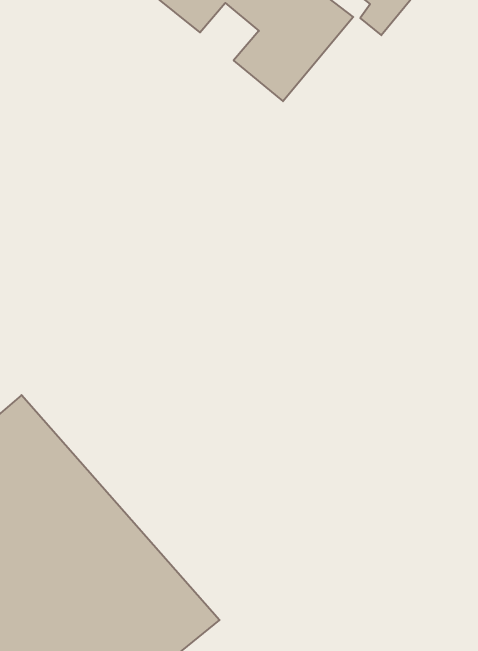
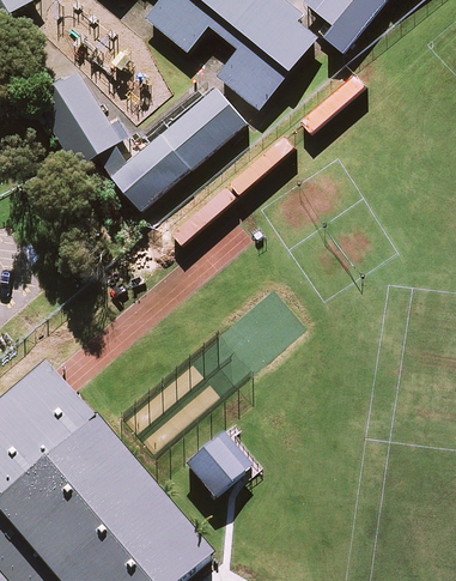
building: none -> [39,68,126,163]
building: none -> [113,84,249,205]

